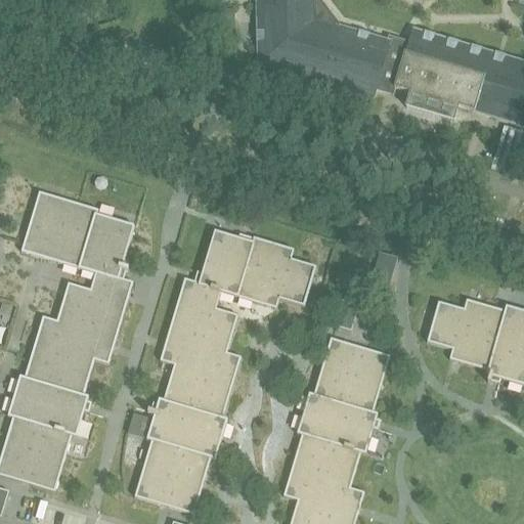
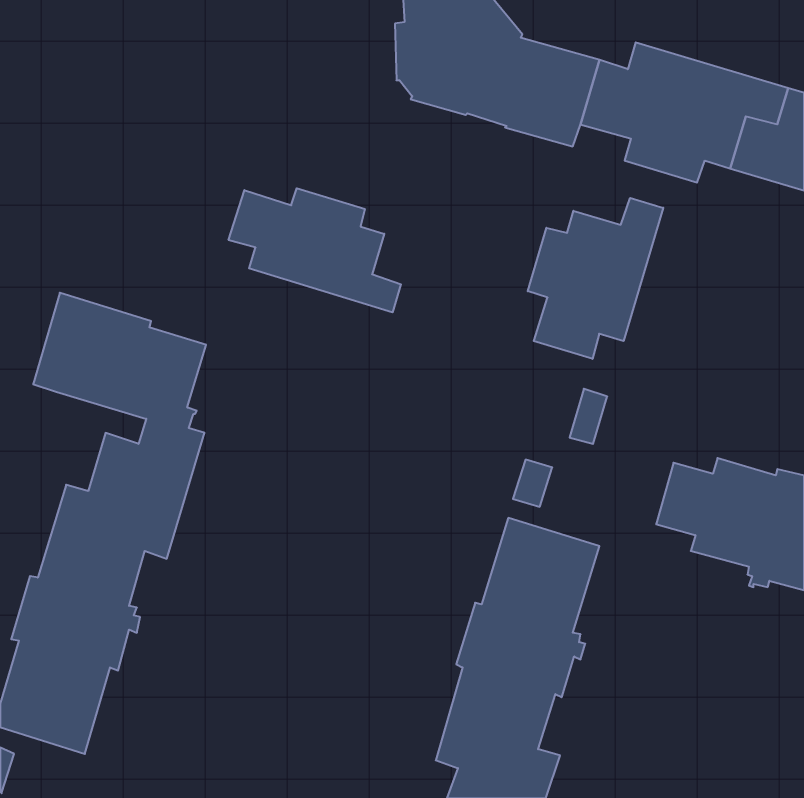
building: none -> [229,188,401,312]
building: none -> [528,198,663,359]
building: [134,229,316,513] -> none

